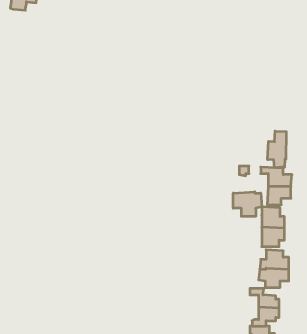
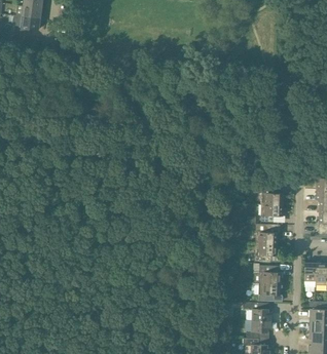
building: [268,131,286,168] -> none
building: [233,192,262,216] -> none

